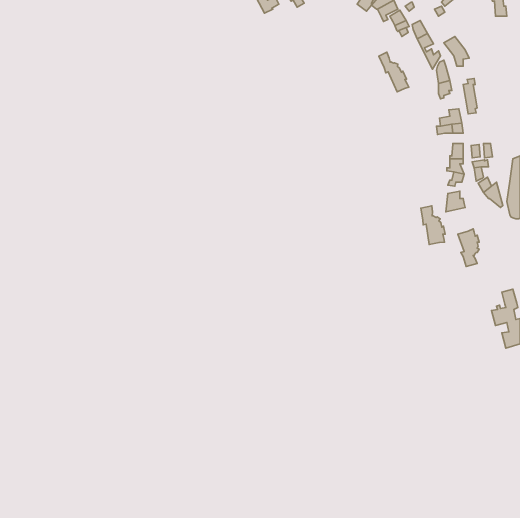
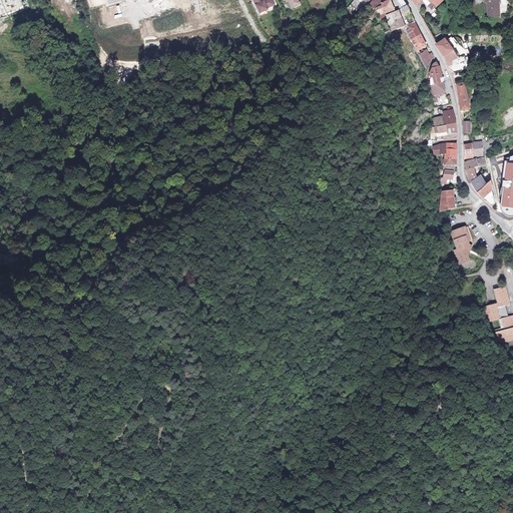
building: [379,52,409,92] -> none
building: [421,206,445,244] -> none

